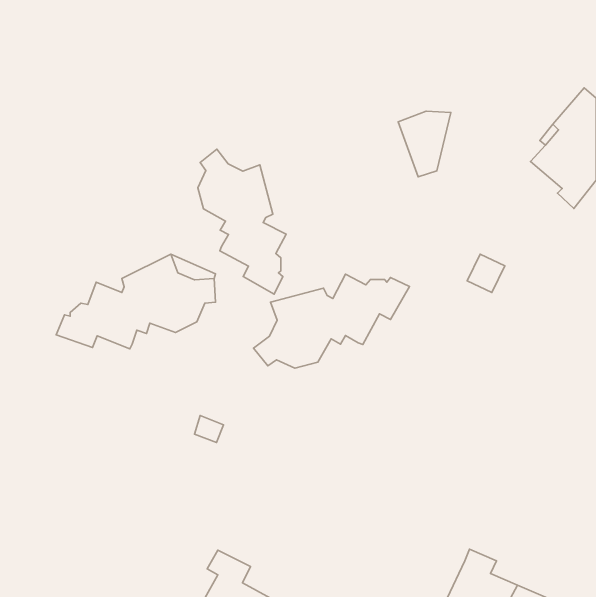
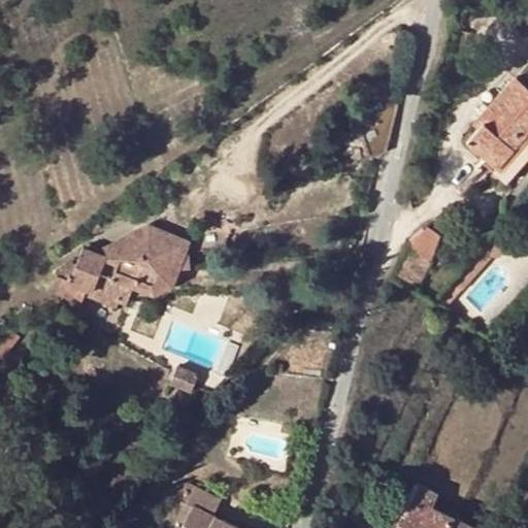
building: [198,149,286,294] -> none
building: [254,274,410,368] -> none

